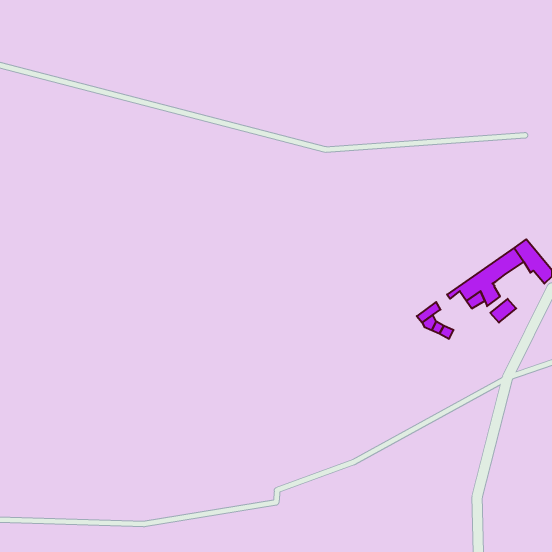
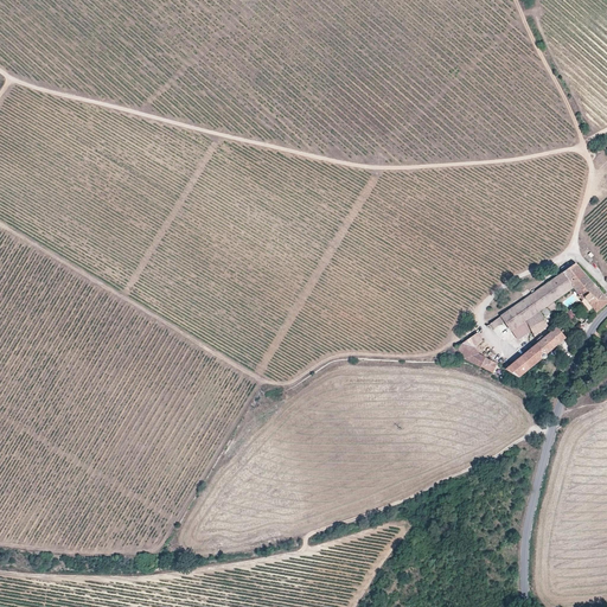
building: none -> [503,343,547,377]

